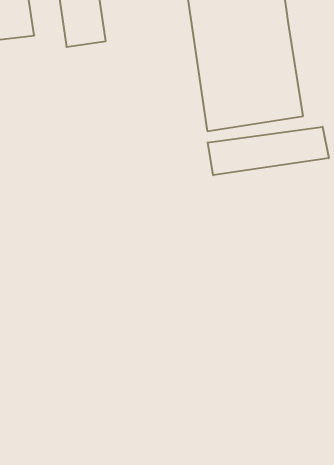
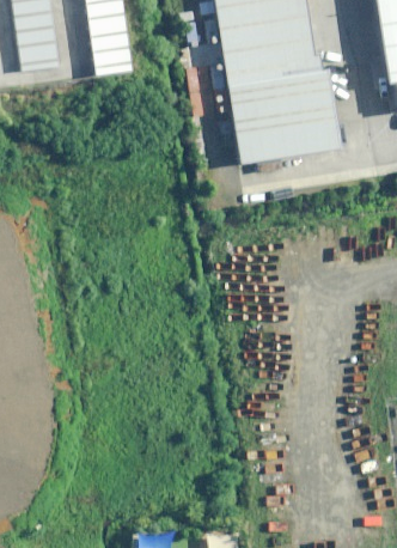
building: [208,127,329,175] -> none

